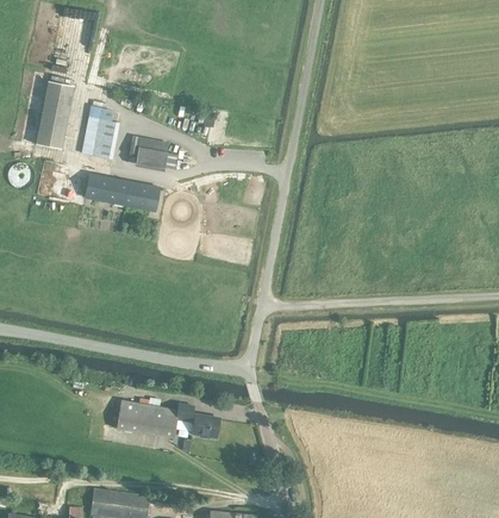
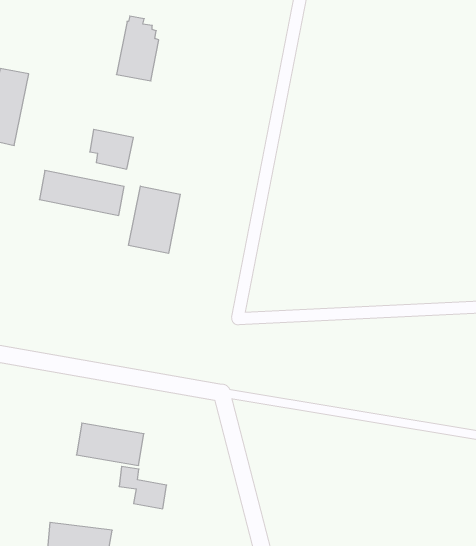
building: [81,100,119,158] -> [116,16,159,81]
building: none -> [129,186,180,253]
building: [176,401,219,439] -> [119,466,167,509]

